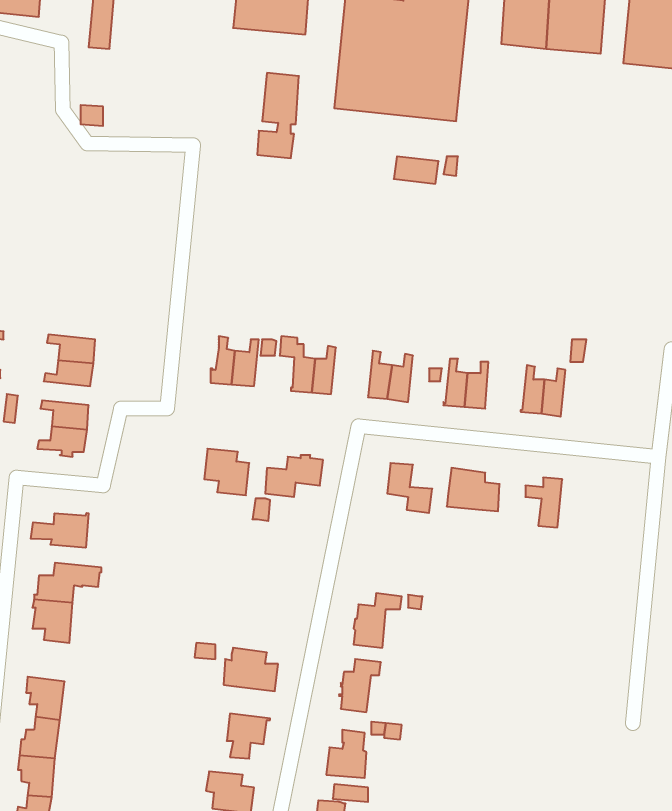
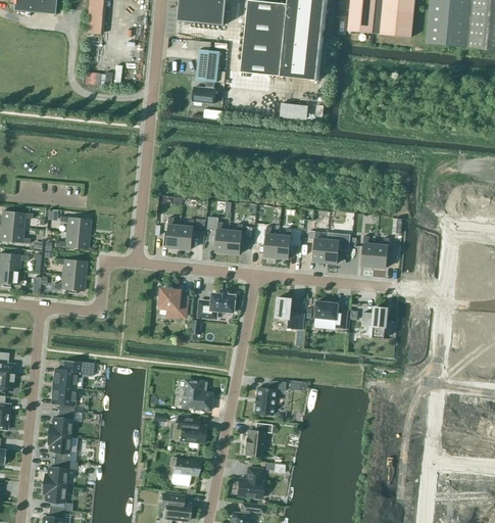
building: [31,513,89,548] -> none
building: none -> [182,379,212,410]
building: none -> [47,410,73,436]

